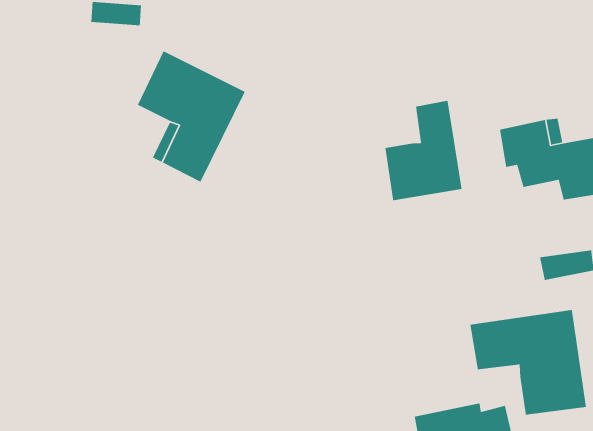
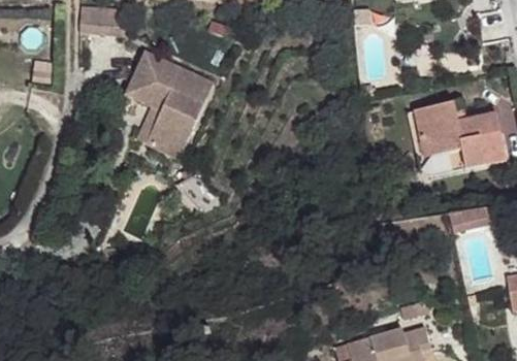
building: [384,100,463,201] -> none
building: [470,309,587,415] -> none

